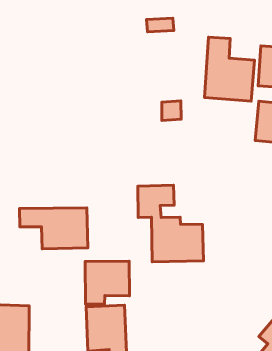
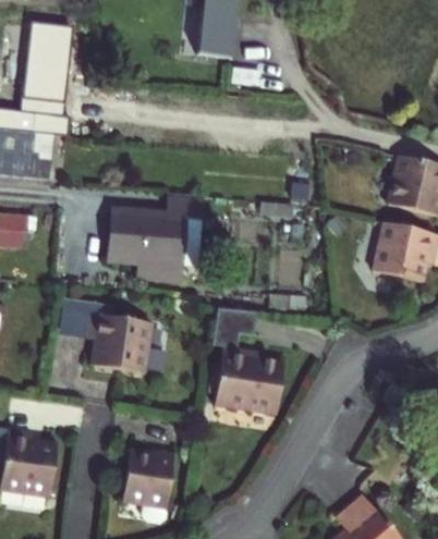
building: [205,37,254,101] -> none
building: none -> [101,193,195,283]
building: [85,261,130,304] -> none

